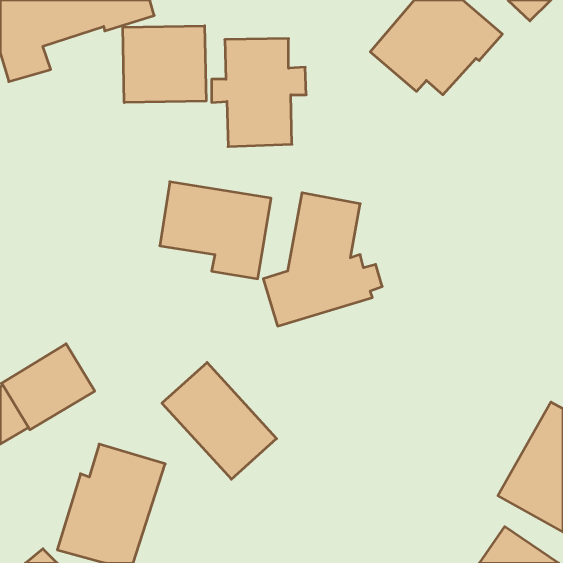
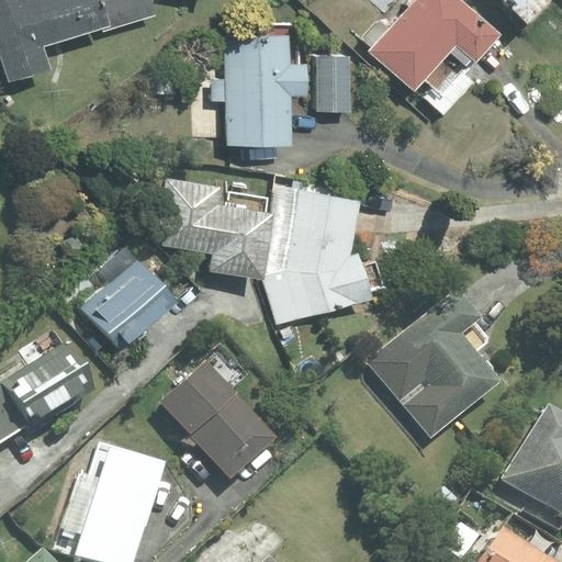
building: [123,26,206,103] -> none
building: none -> [316,57,349,111]
building: none -> [81,246,176,350]
building: none -> [369,288,501,437]

